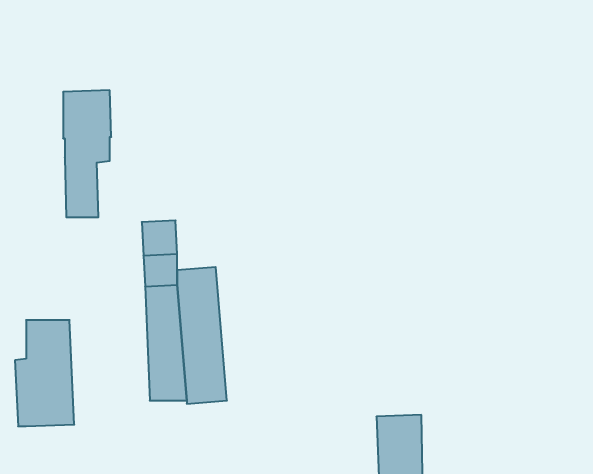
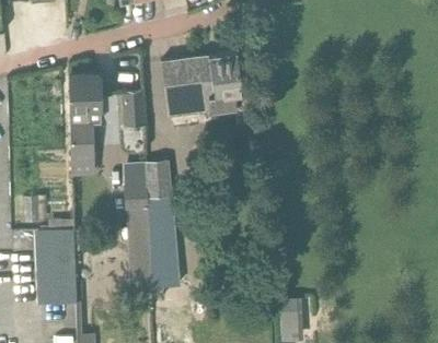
building: none -> [160,50,255,122]
building: none -> [122,90,142,126]
building: none -> [145,161,172,197]

